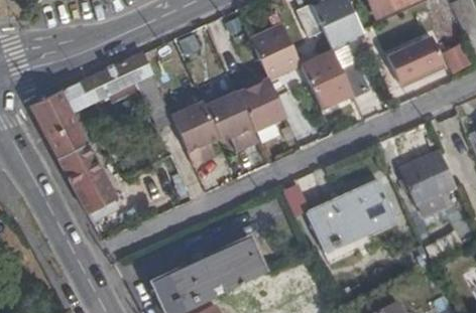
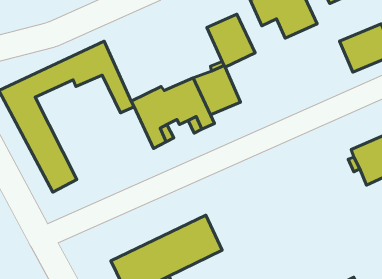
building: [300,51,367,110] -> none
building: [308,181,395,251] -> none

